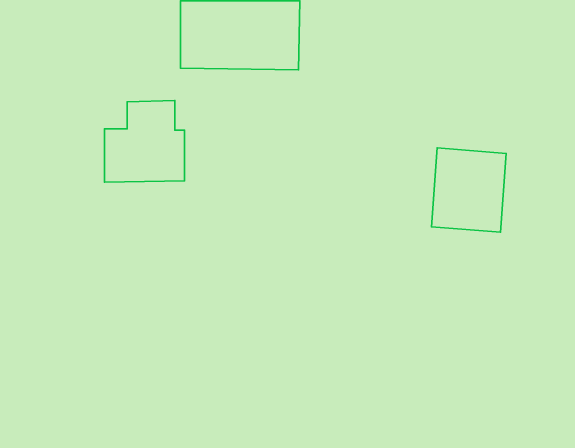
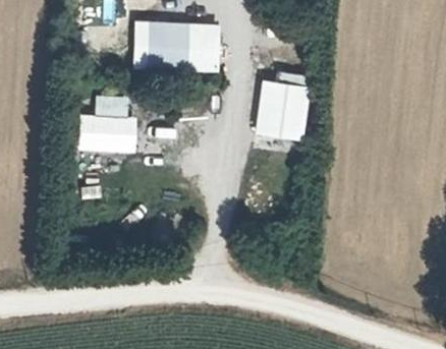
building: [432,148,506,232] -> [256,80,310,141]

